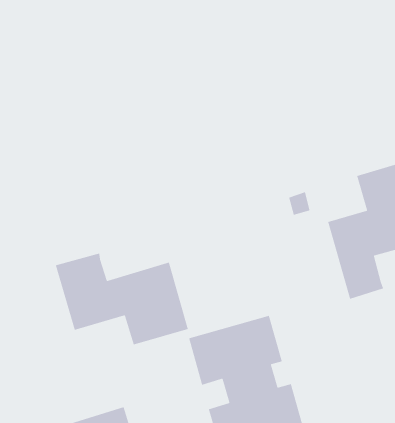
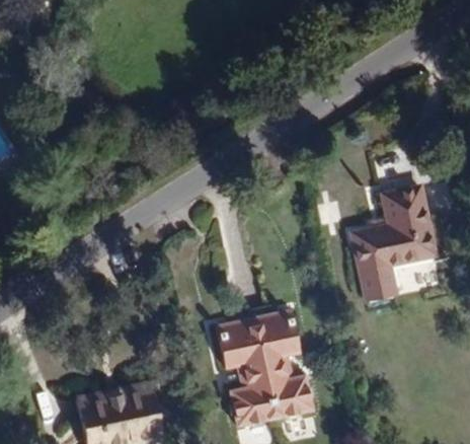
building: [55,252,189,345] -> none

